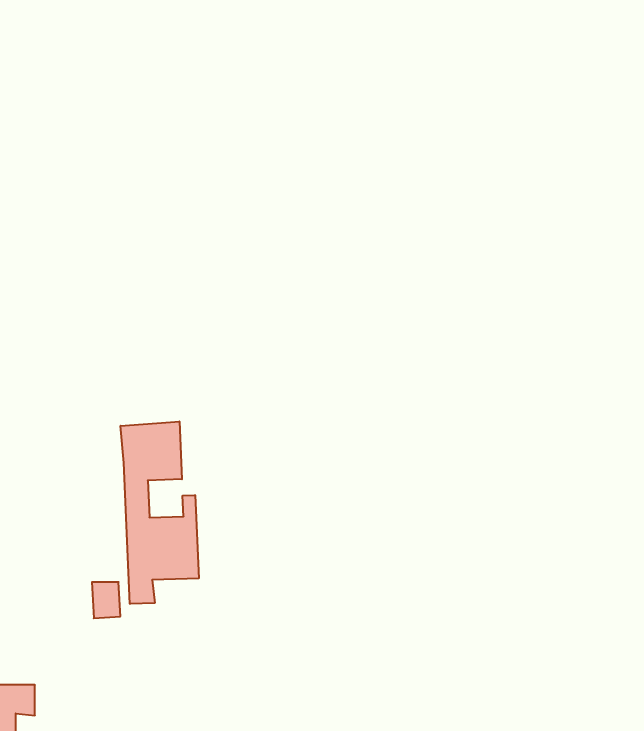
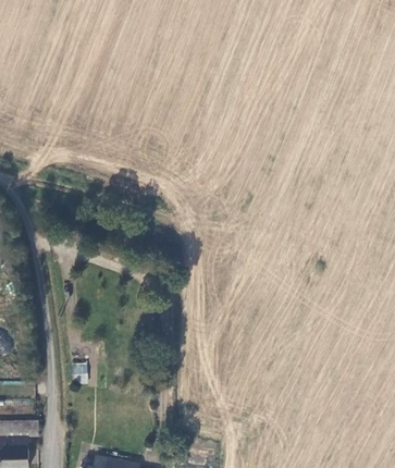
building: [121,421,199,604] -> none

